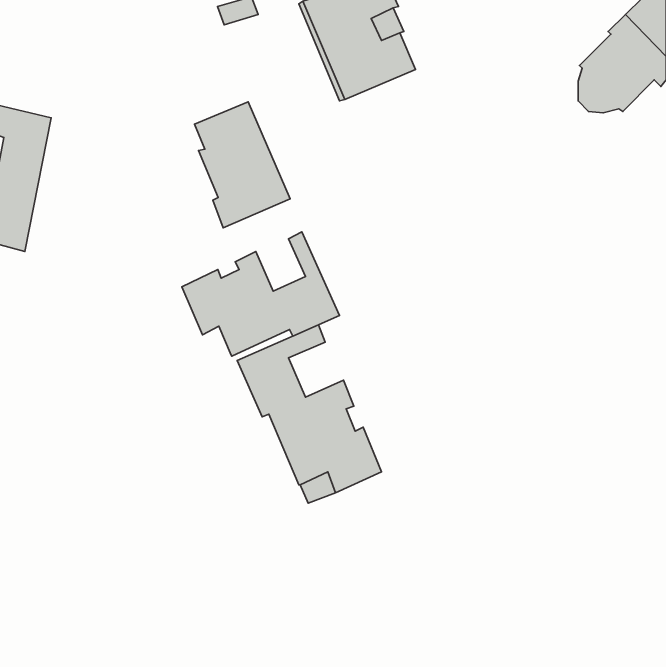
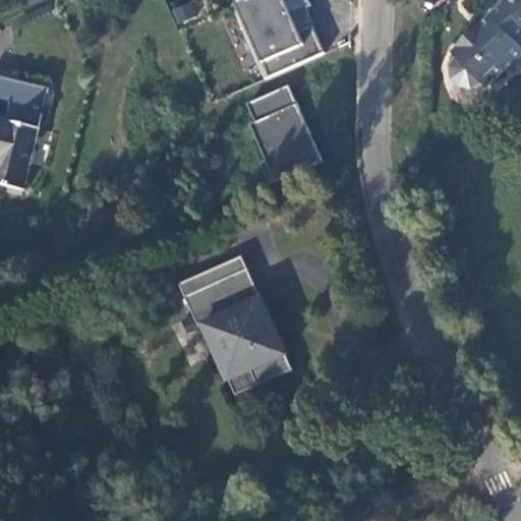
building: [194,102,290,228] -> [246,84,321,182]
building: [182,232,339,356] -> none
building: none -> [224,266,267,308]

